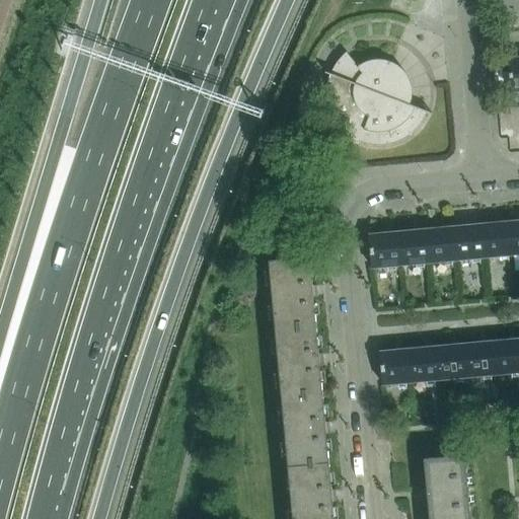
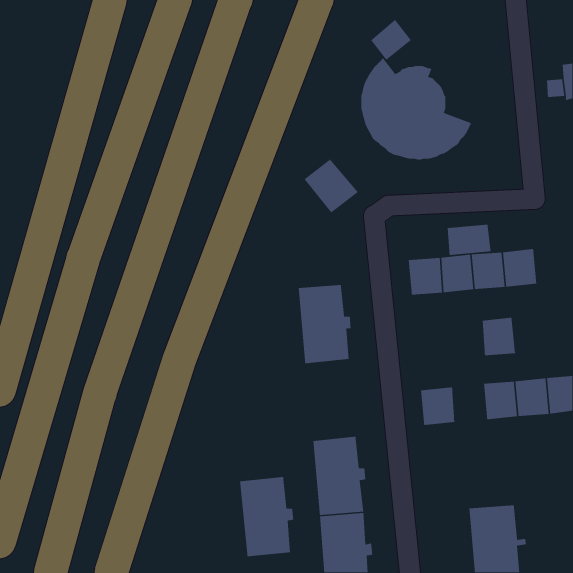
building: none -> [370,19,412,61]
building: none -> [303,158,359,214]
building: none -> [447,224,491,256]
building: [481,222,513,256] -> none
building: [275,324,324,397] -> [239,476,294,557]
building: [409,346,439,381] -> [482,317,516,356]

